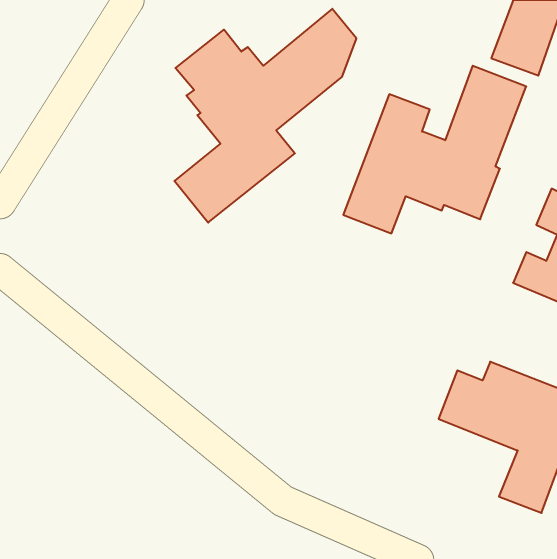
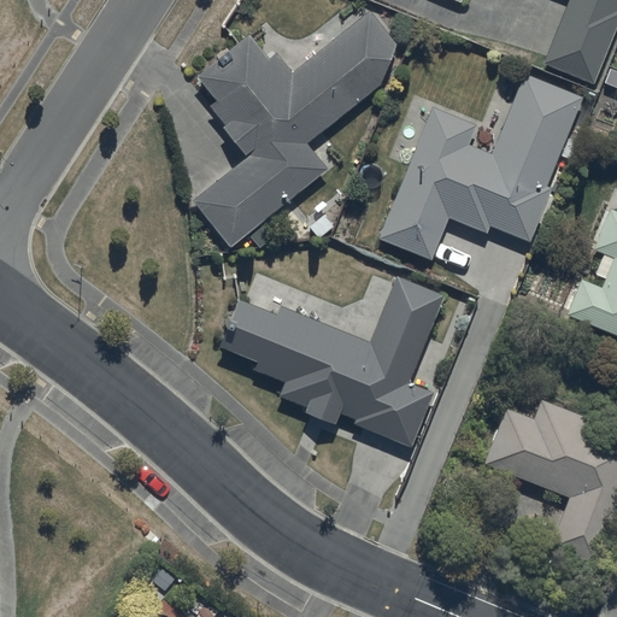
building: none -> [216,276,442,447]

